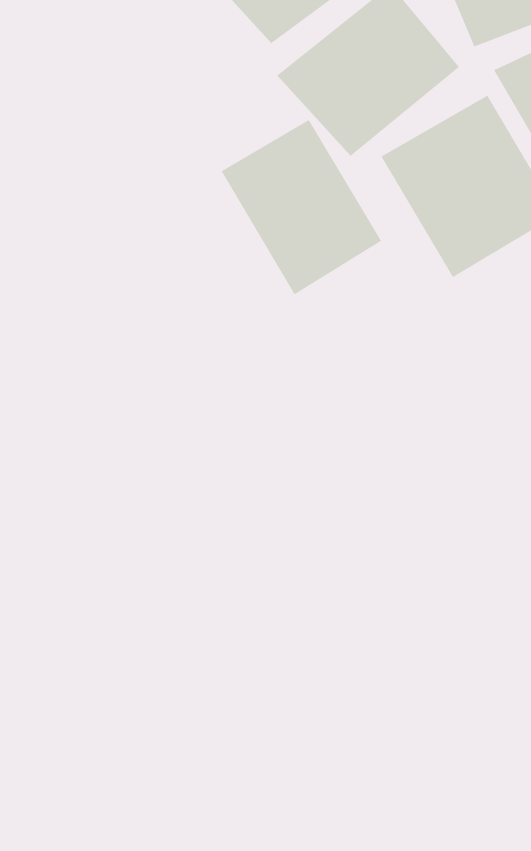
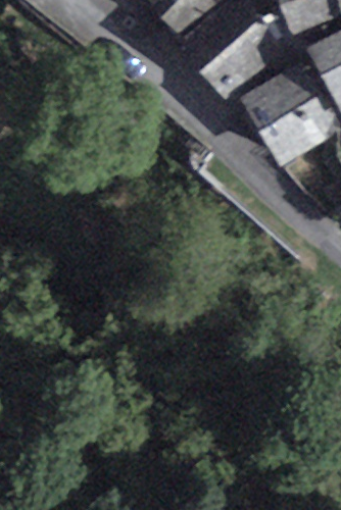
building: [221,119,382,295] -> none

